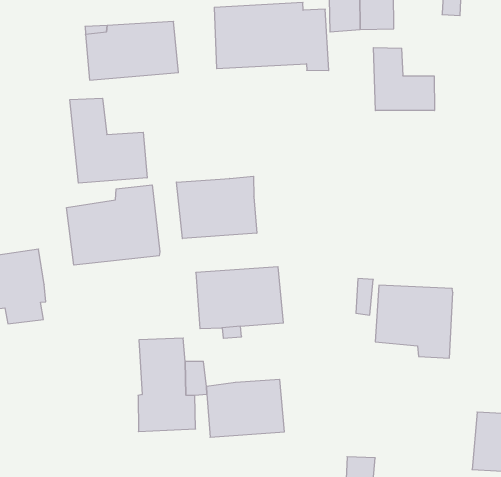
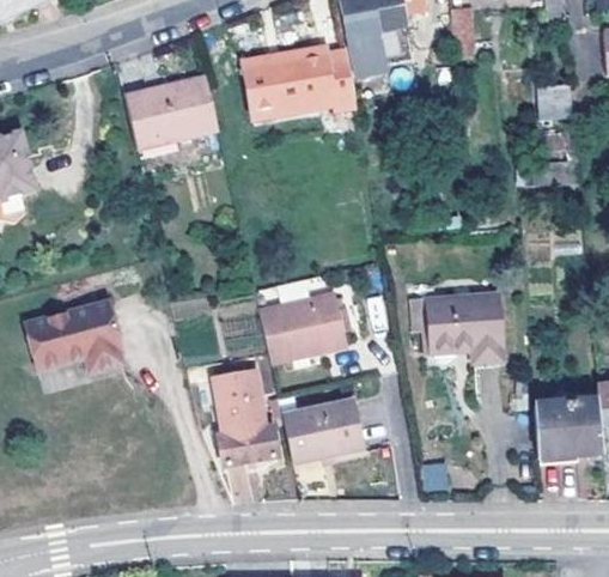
building: [374,48,434,111] -> none
building: [70,98,147,183] -> none
building: [176,176,257,239] -> none
building: [67,185,160,265] -> none

